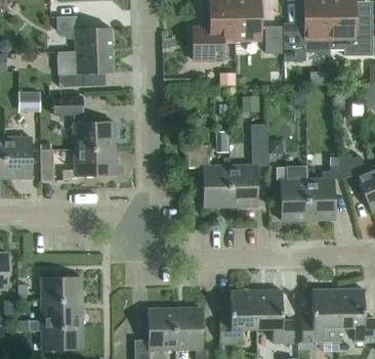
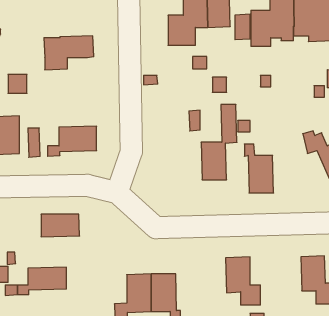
building: [57,15,112,50] -> none
building: [54,95,116,148] -> none
building: [189,144,231,207] -> none
building: [307,155,345,220] -> none
building: [41,277,83,302] -> [41,214,80,237]
building: [302,289,339,342] -> none
building: [220,290,257,343] -> none
building: [42,324,83,349] -> none

